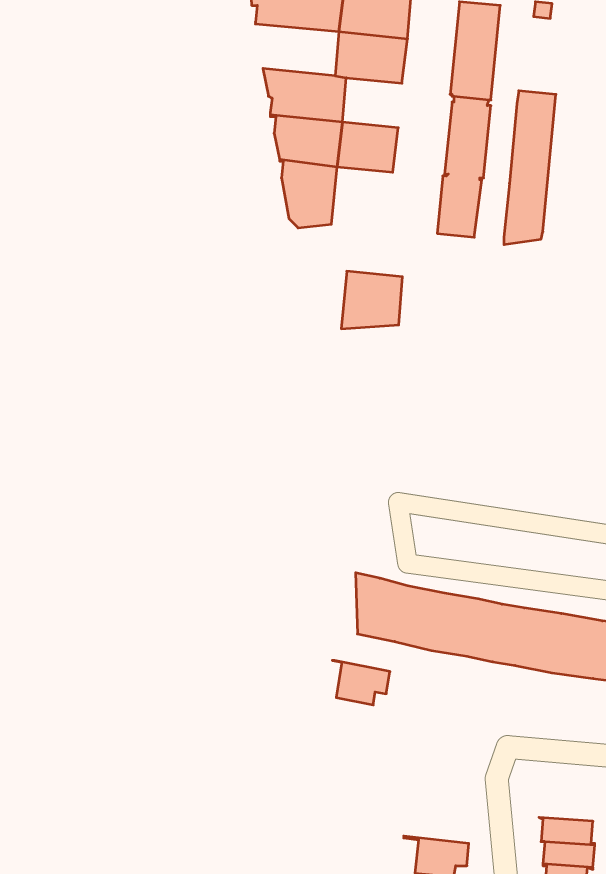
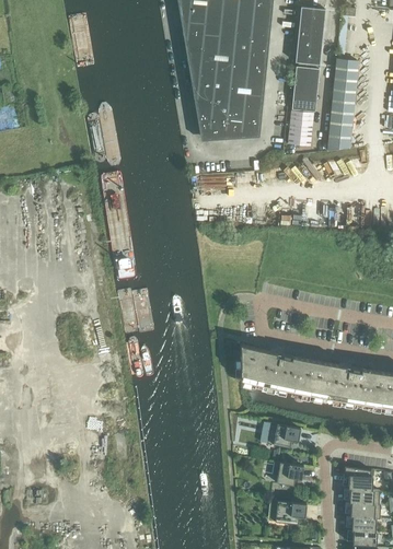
building: none -> [181,20,230,50]
building: none -> [232,51,267,81]
building: [341,271,402,329] -> [226,104,262,138]
building: [332,660,390,705] -> [266,421,300,447]
building: none -> [269,459,303,484]
building: none -> [345,466,380,490]

